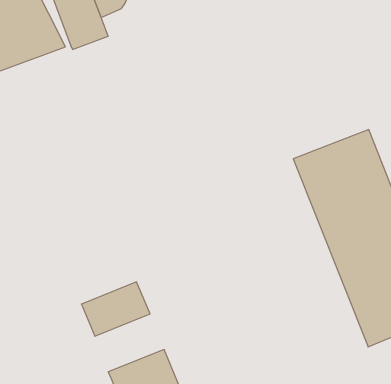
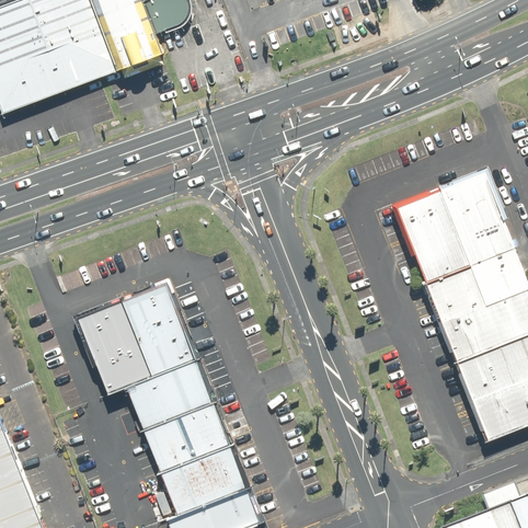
building: none -> [82,284,198,395]
building: none -> [147,401,232,472]

